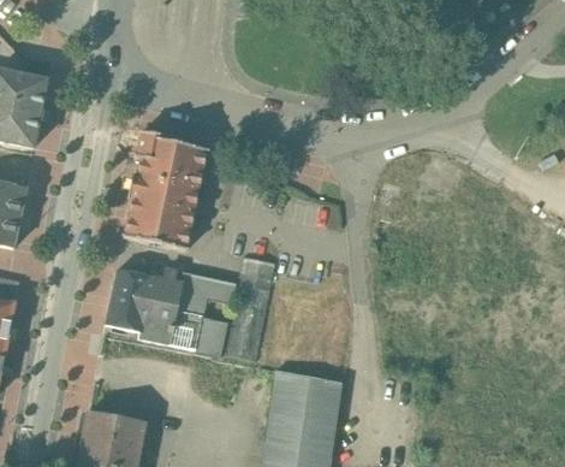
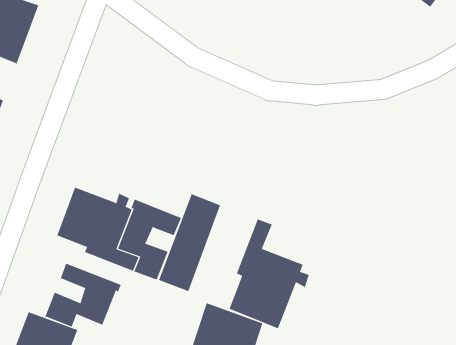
building: [125,130,207,249] -> none
building: none -> [229,218,310,329]
building: none -> [45,263,121,328]

